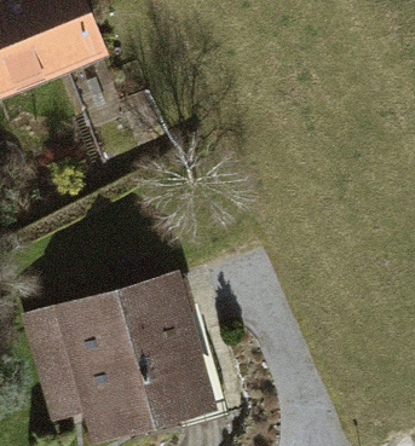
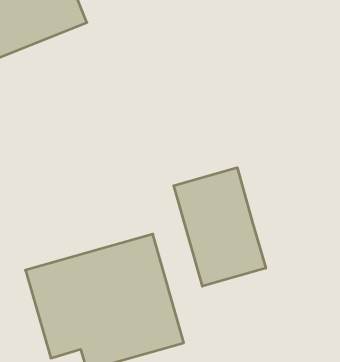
building: none -> [174,168,266,286]

